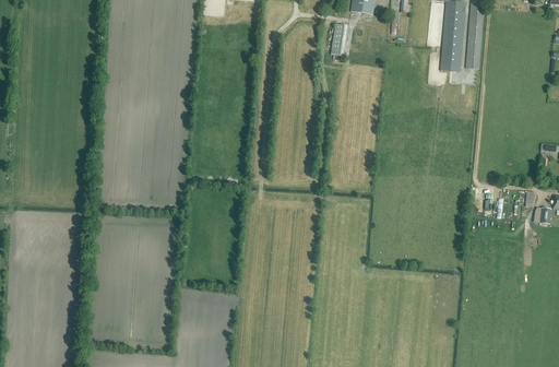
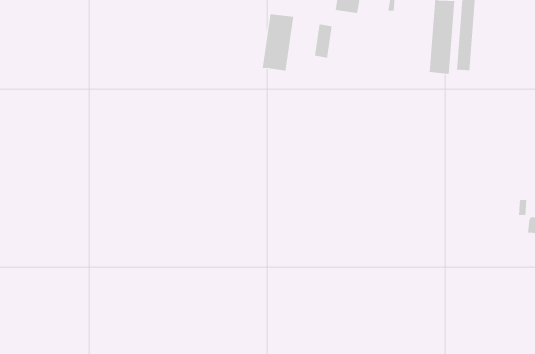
building: none -> [262,13,294,71]

